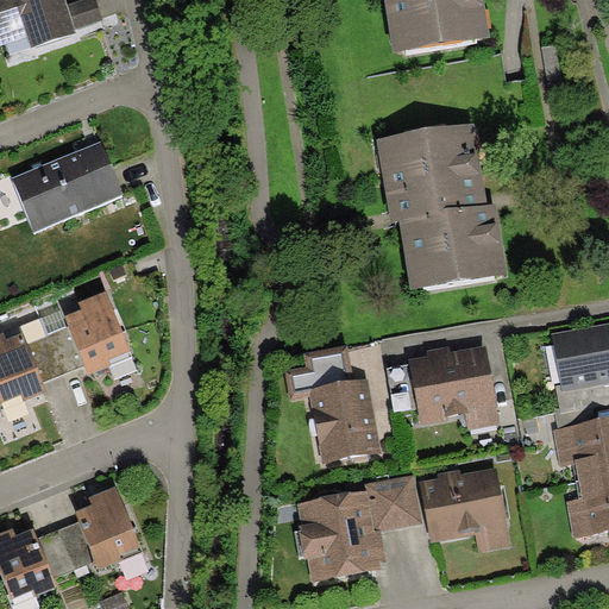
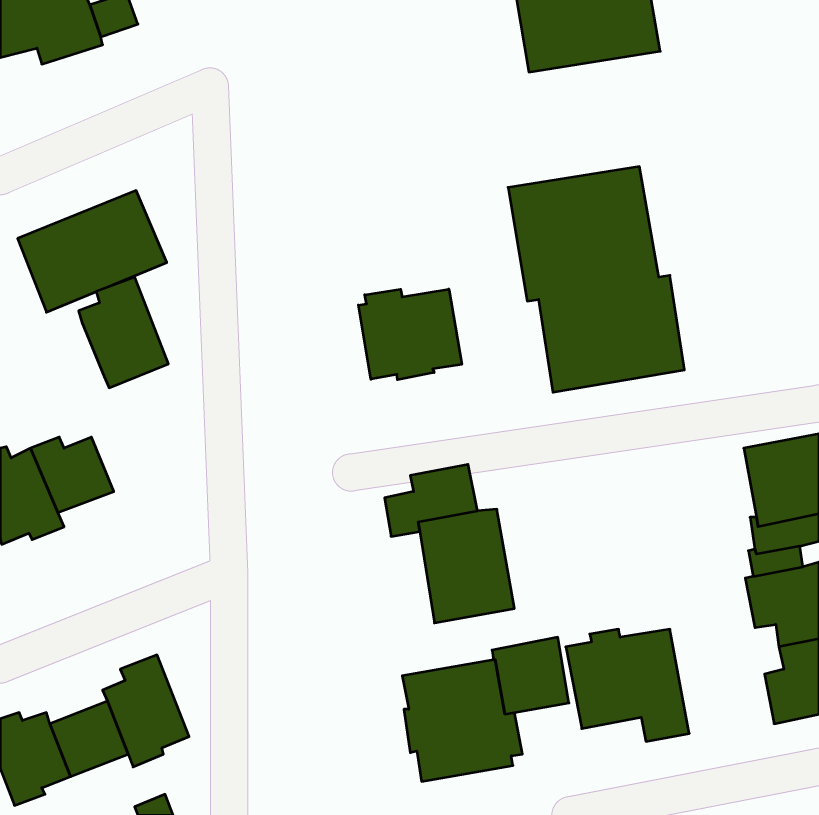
building: none -> [358,289,462,380]
building: [65,291,132,373] -> [79,277,168,388]
building: [409,345,500,428] -> none

